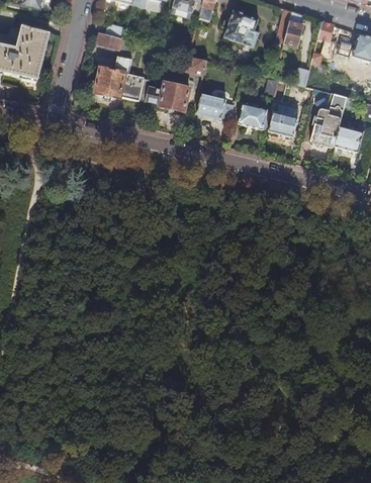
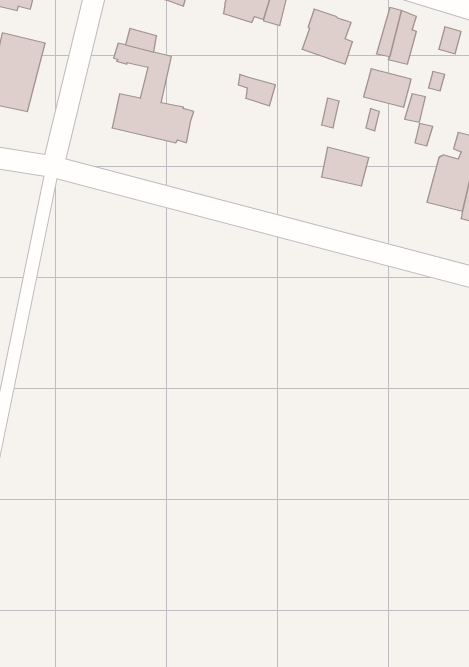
building: [146,81,189,109] -> none
building: [193,92,234,119] -> none
building: [265,110,297,136] -> [364,69,411,107]

